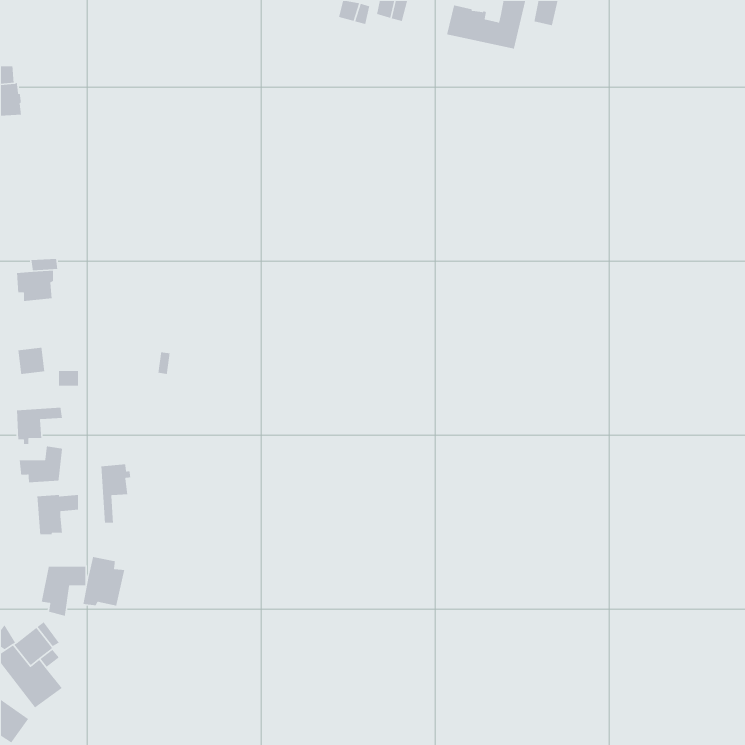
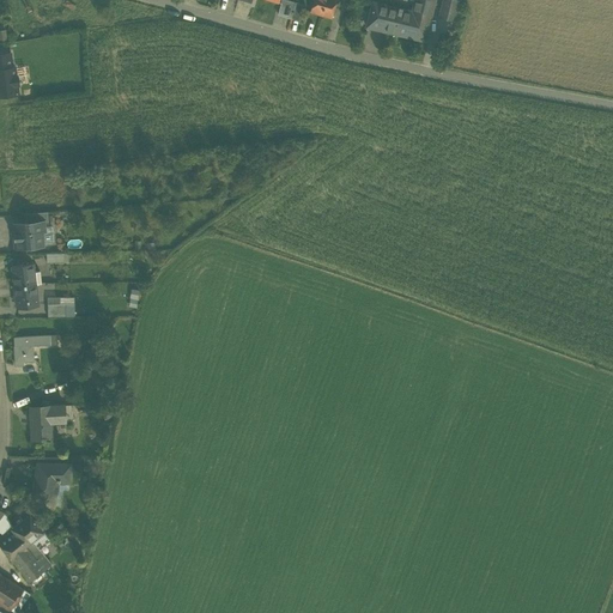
building: none -> [12,263,41,287]
building: [19,446,63,483] -> none
building: [101,464,131,523] -> none
building: [82,556,125,607] -> none

